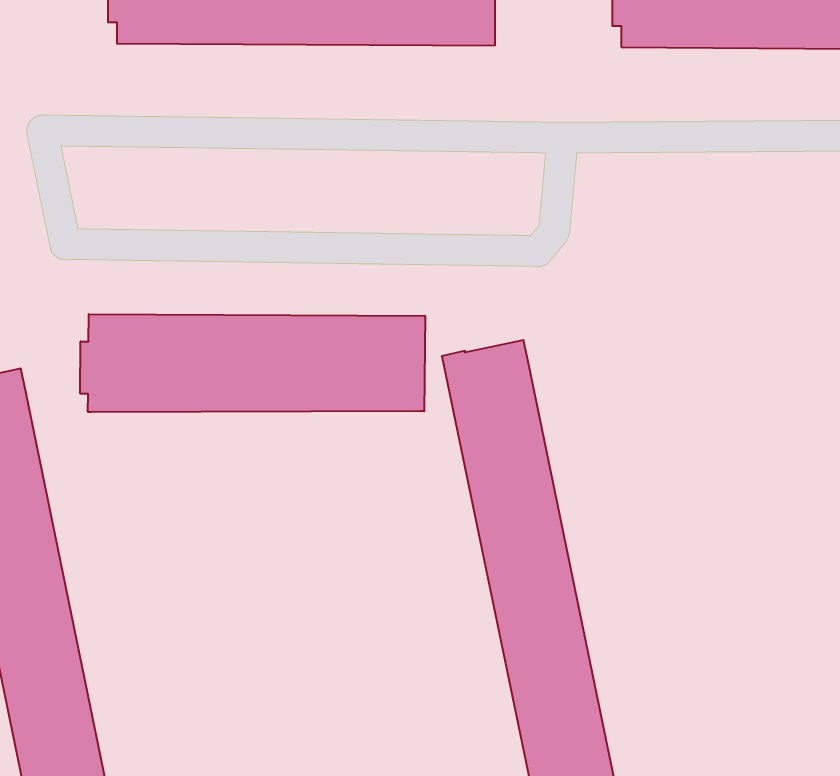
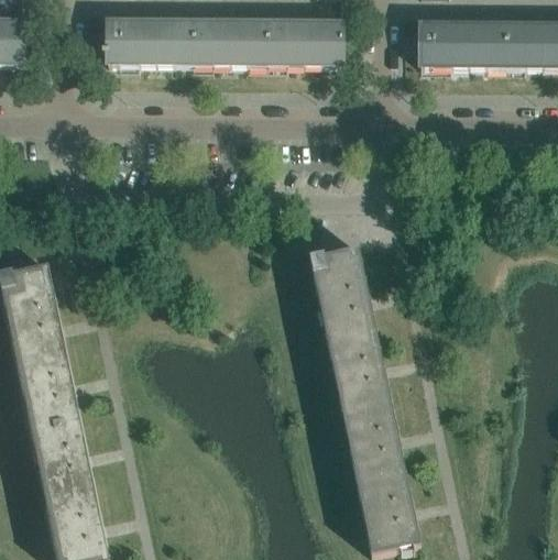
building: [80,314,425,412] -> none

